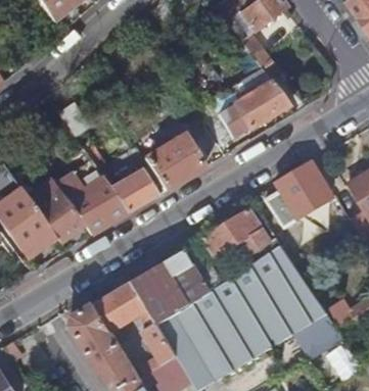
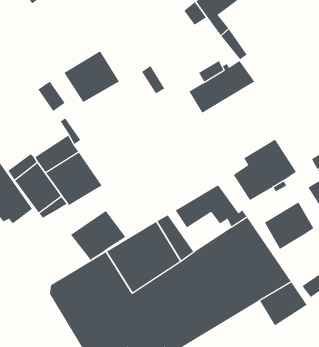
building: [143,135,202,190] -> [64,51,120,103]
building: [109,168,157,212] -> none
building: none -> [264,202,314,250]
building: none -> [70,210,126,261]

